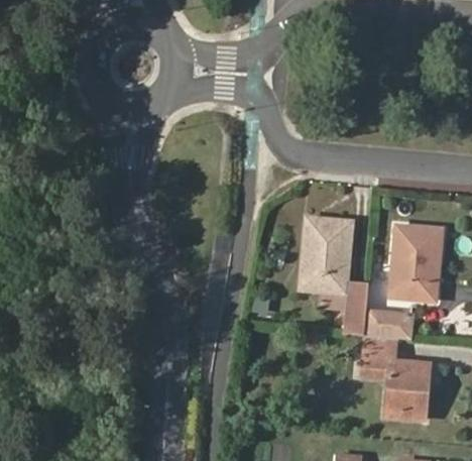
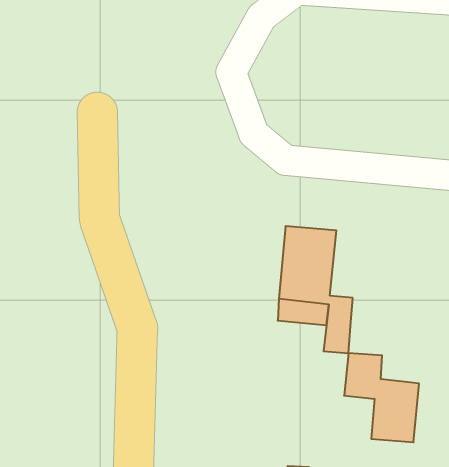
building: [391,225,443,300] -> none
building: [365,310,412,338] -> none

